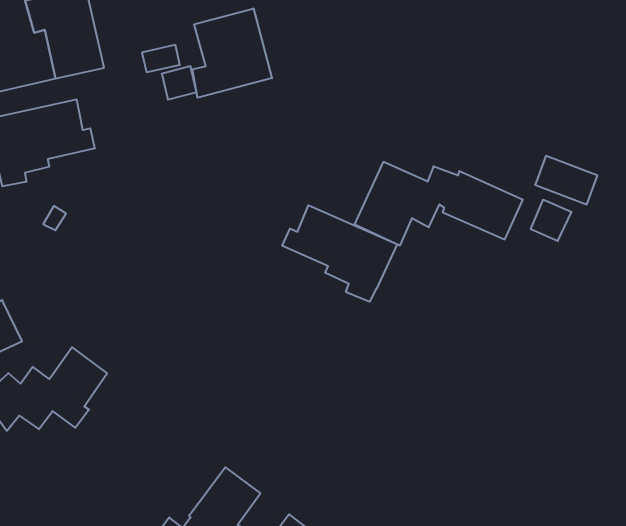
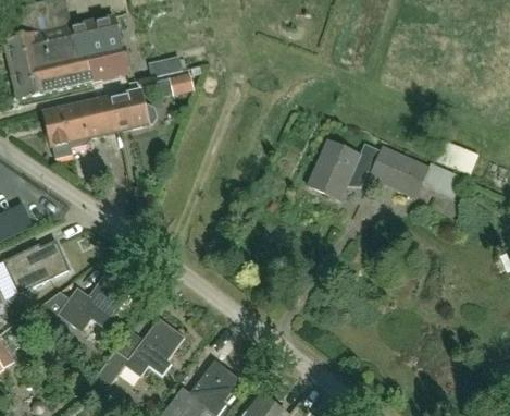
building: [192,8,272,98] -> none
building: none -> [108,88,154,131]
building: [282,205,397,302] -> none
building: none -> [95,318,184,391]

